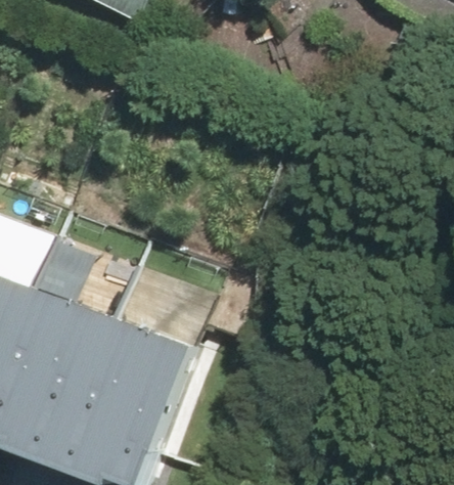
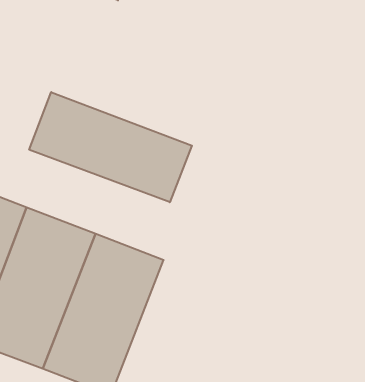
building: none -> [29,92,192,202]

